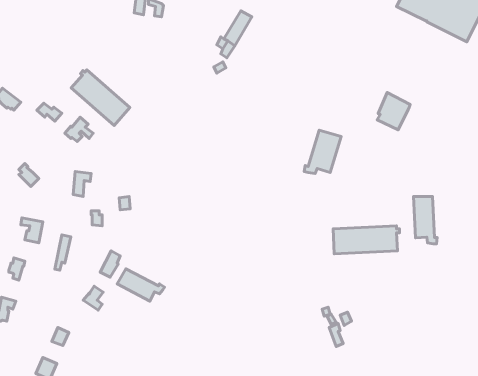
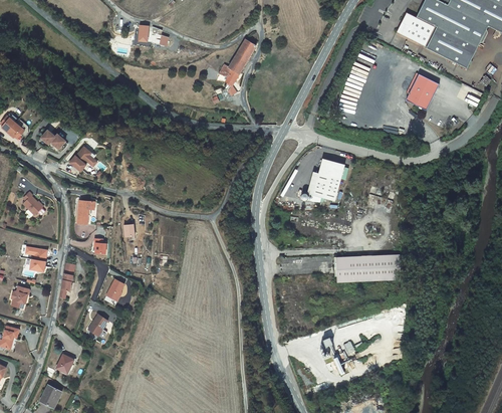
building: [71,70,130,125] -> none
building: [377,93,410,130] -> [406,71,439,109]
building: [414,196,437,244] -> none
building: [117,269,165,301] -> none

